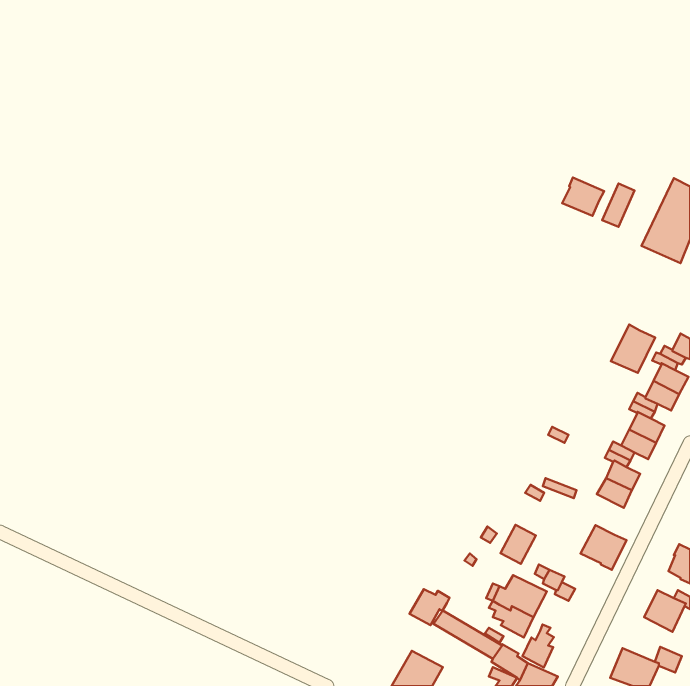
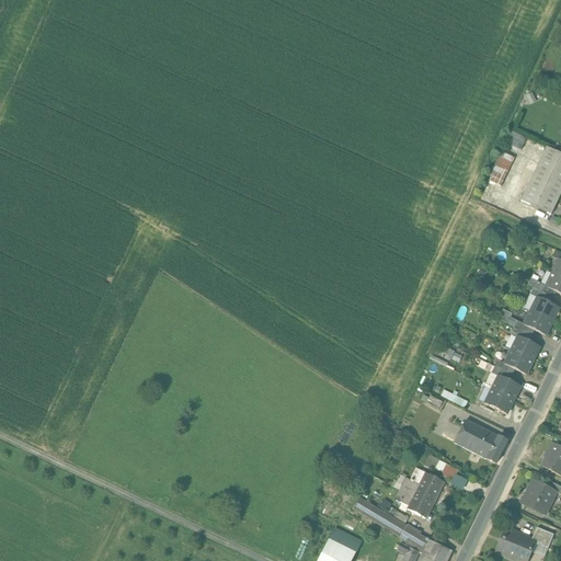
building: [562,177,604,216] -> none
building: [611,325,655,373] -> none
building: [501,525,536,564] -> [455,417,483,449]
building: [409,589,449,625] -> none
building: [522,625,554,667] -> none

